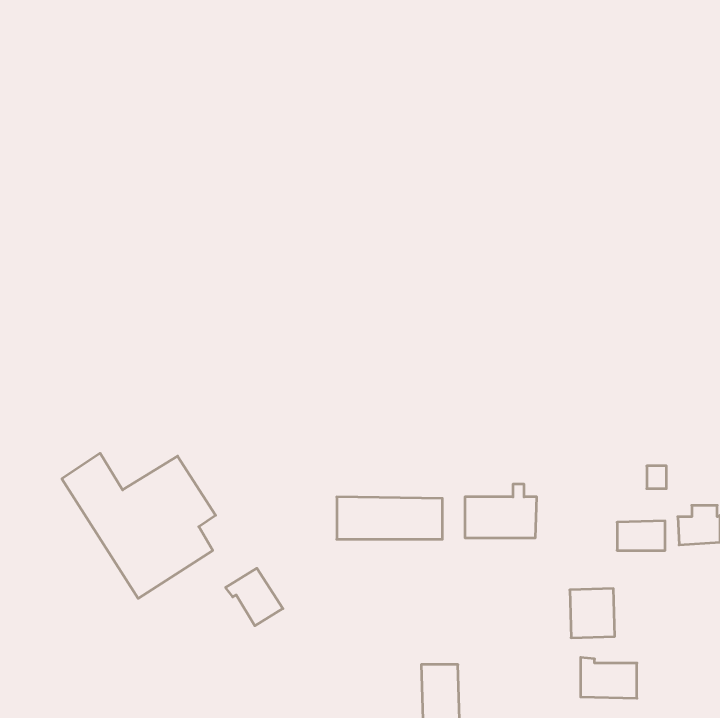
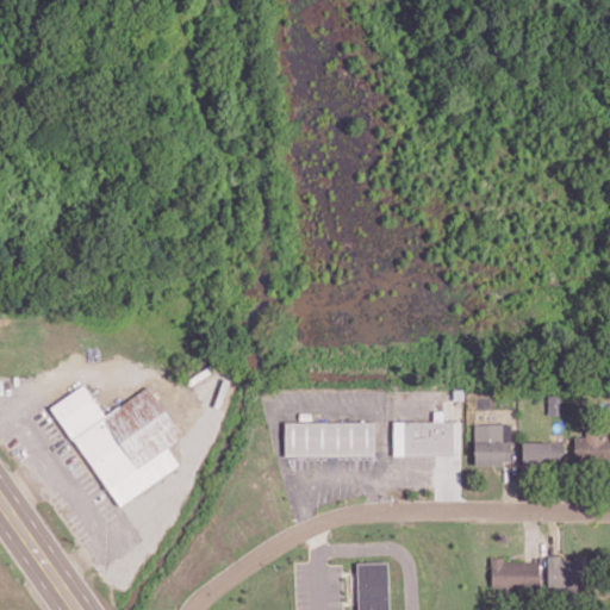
building: [226,568,283,626] -> none
building: [570,589,615,638] -> [473,424,511,466]
building: none -> [547,558,585,589]

